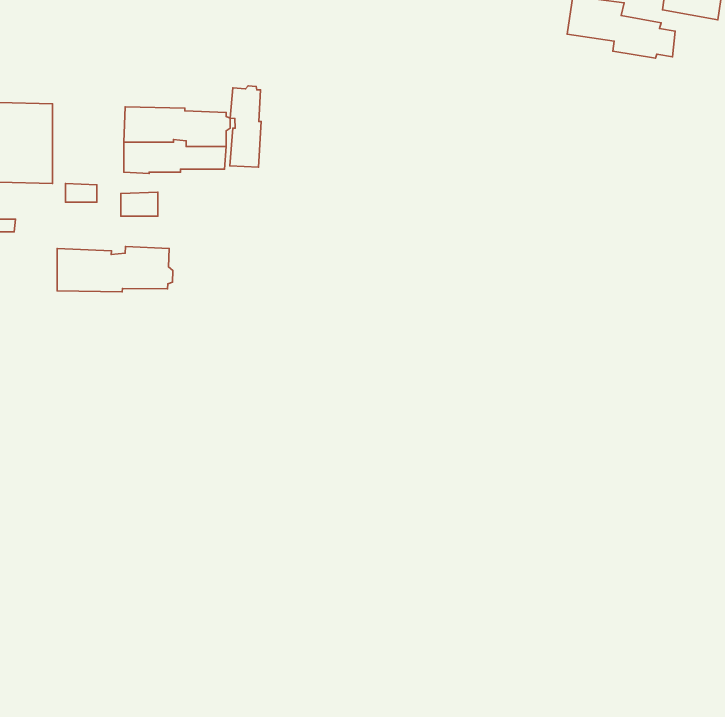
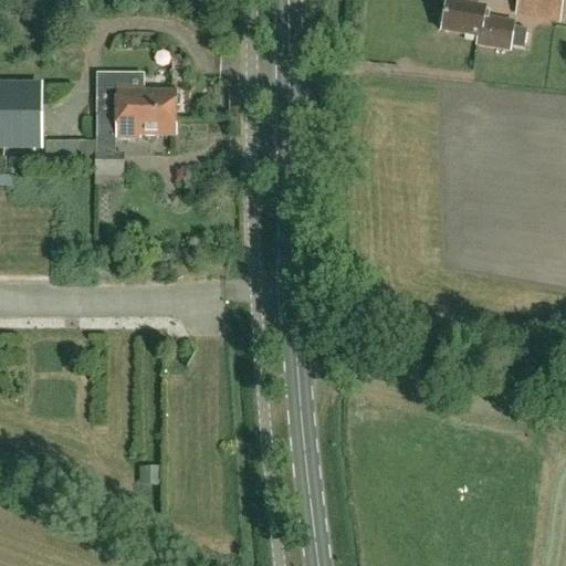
building: [230,86,261,167] -> none
building: [57,247,173,292] -> none

